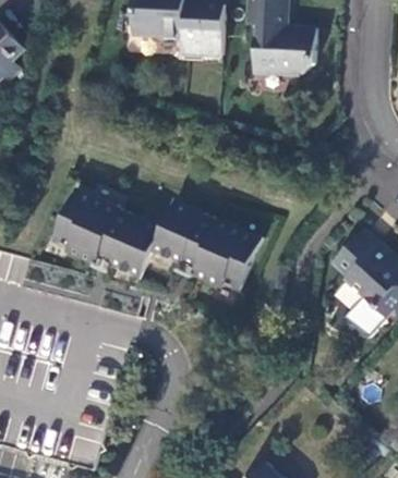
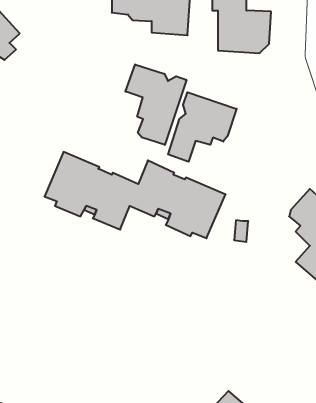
building: none -> [125,64,186,145]
building: none -> [168,92,237,162]

